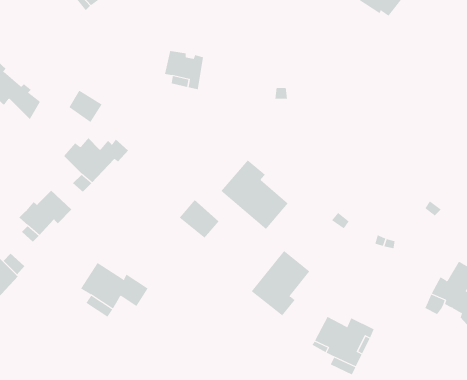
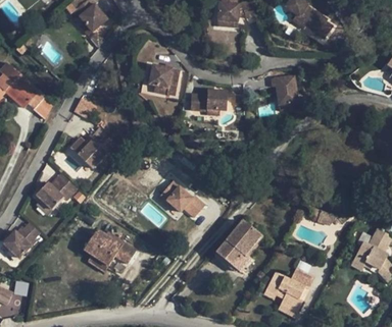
building: none -> [272,74,298,105]
building: none -> [192,90,227,111]
building: [221,160,289,230] -> none

